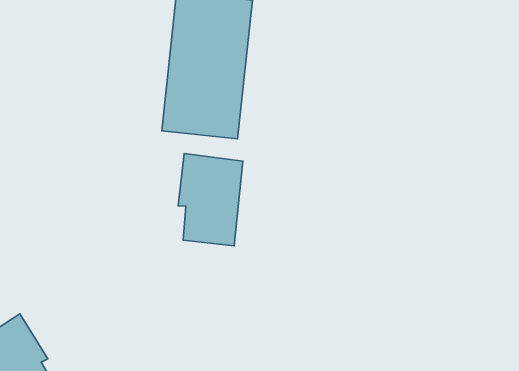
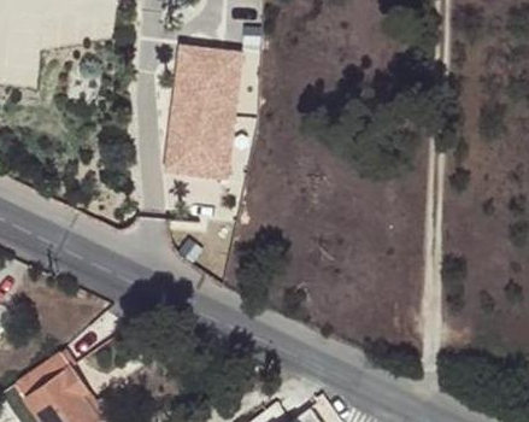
building: [178,154,243,246] -> none

